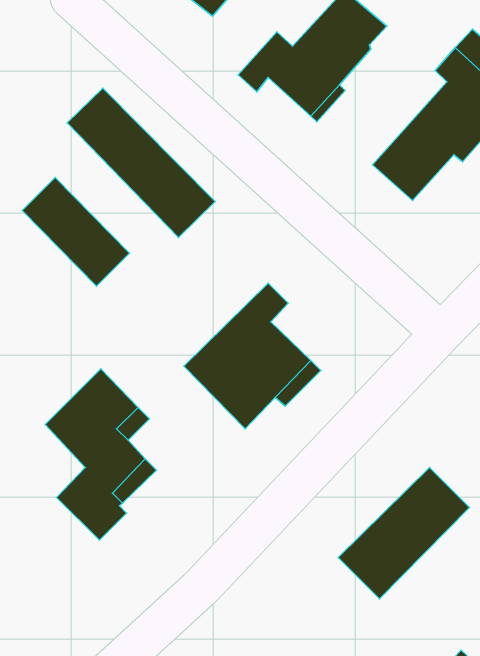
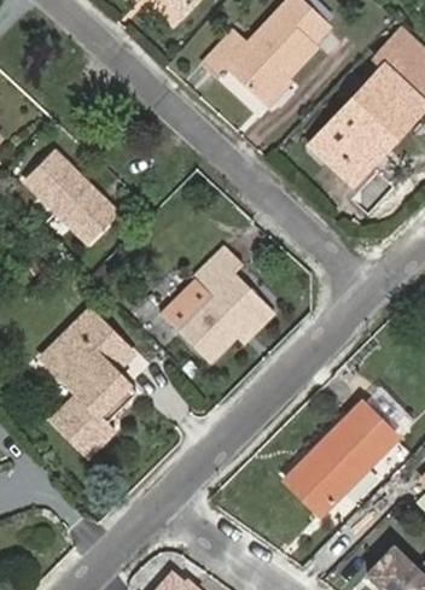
building: [67,88,215,237] -> none
building: none -> [310,133,394,186]

